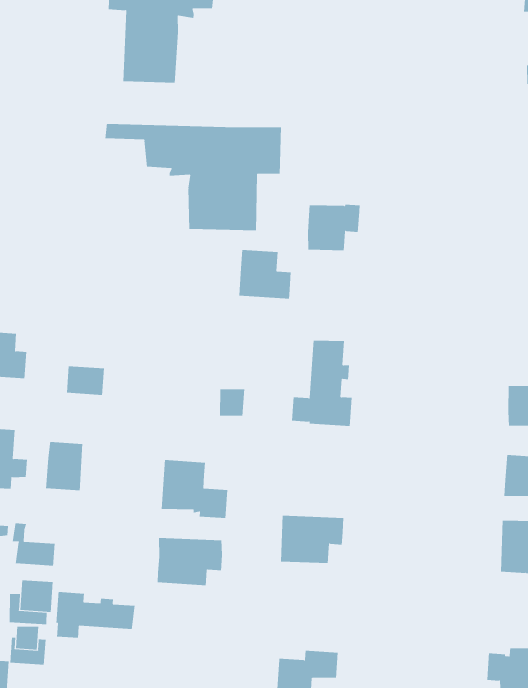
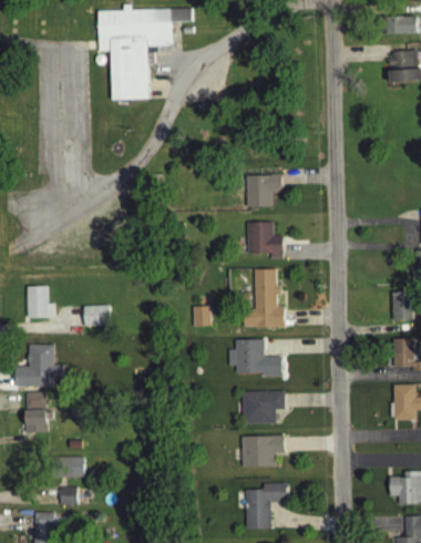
building: [105,123,281,231] -> none
building: [238,249,292,299] -> [246,222,281,254]
building: [45,441,83,491] -> none
building: [161,460,228,519] -> [235,338,280,376]
building: [12,523,55,566] -> none
building: [157,538,223,586] -> [239,434,285,467]
building: [56,591,135,639] -> none

